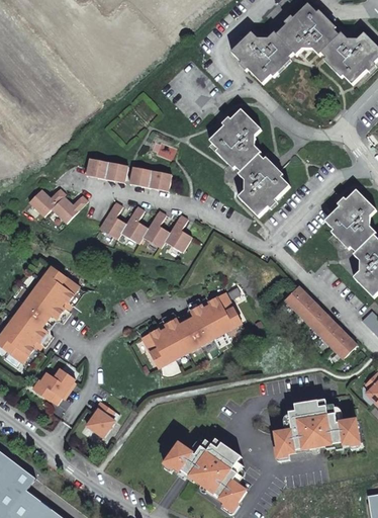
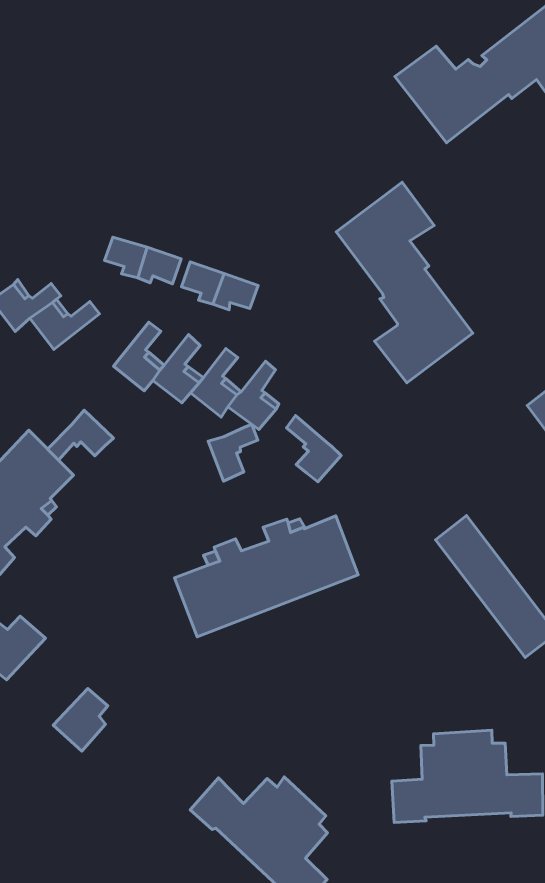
building: none -> [286,415,341,482]
building: none -> [208,424,258,481]
building: none -> [48,410,114,460]

